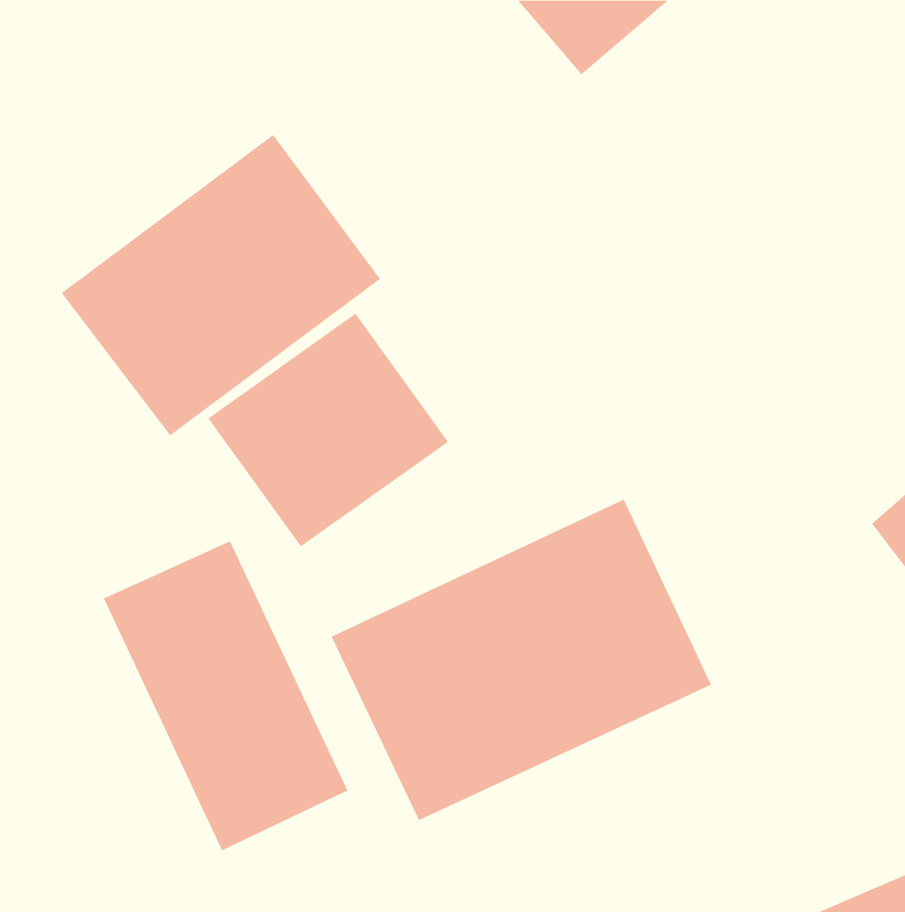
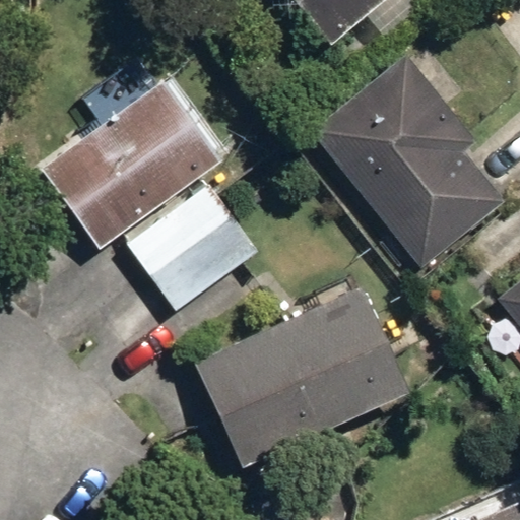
building: none -> [312,55,505,268]
building: [103,540,348,851] -> none

